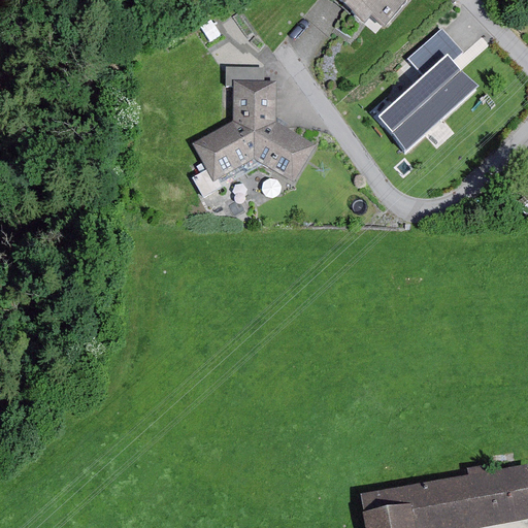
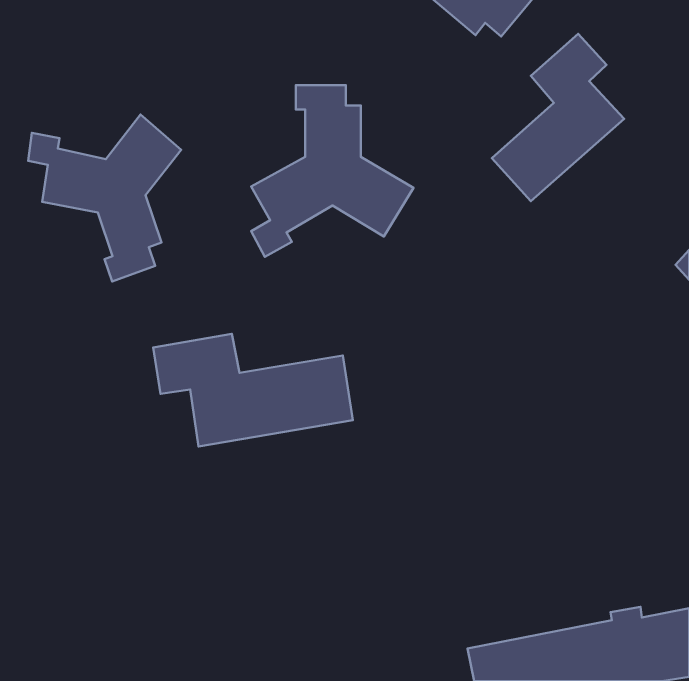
building: none -> [28,114,181,281]
building: none -> [153,334,353,446]

